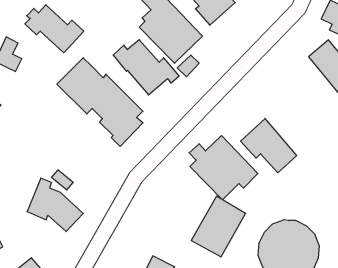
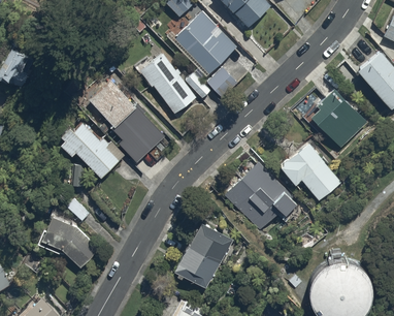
building: [25,5,84,53] -> [59,123,126,178]
building: none -> [310,86,370,150]
building: [191,196,246,257] -> [173,221,235,290]

